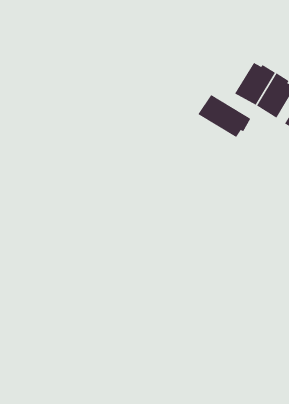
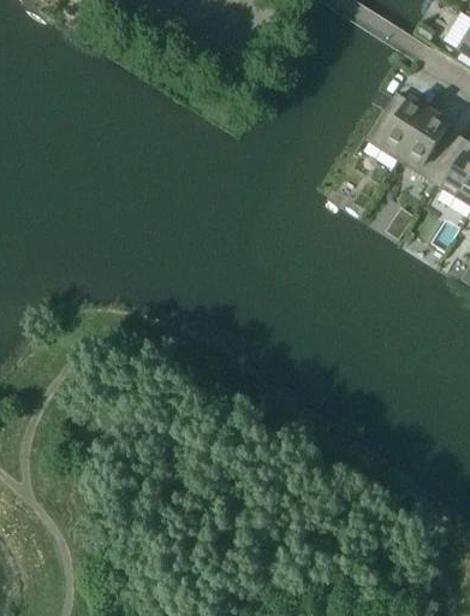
building: [197,94,254,138] -> none

